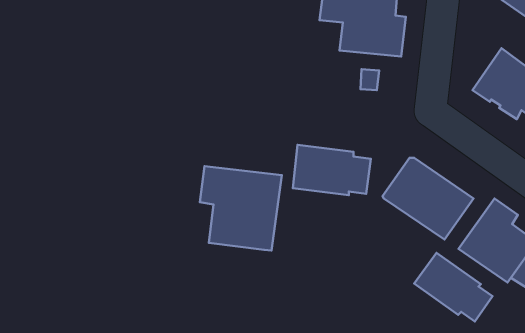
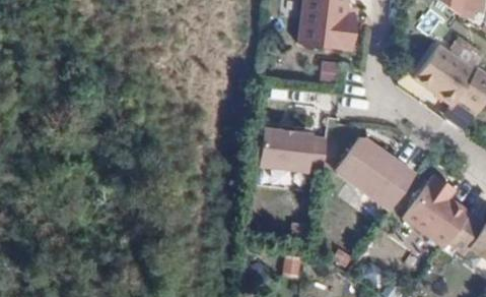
building: [200,166,282,250] -> none
building: [414,253,493,321] -> none

